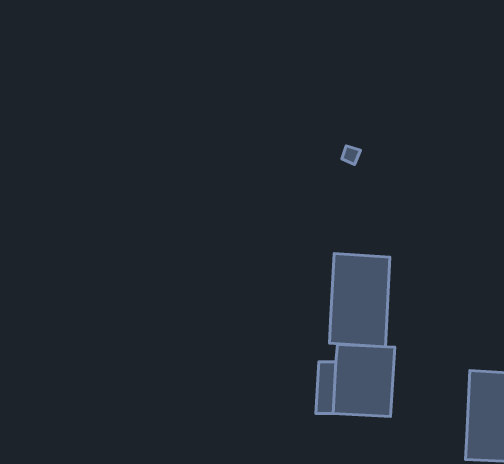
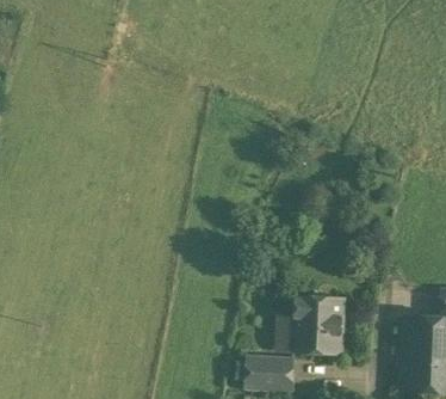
building: [330,254,390,347] -> none
building: none -> [246,356,295,388]

